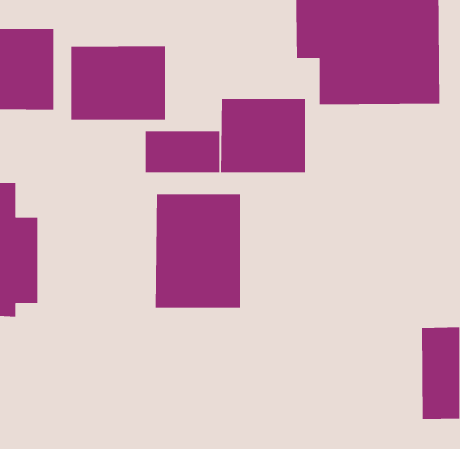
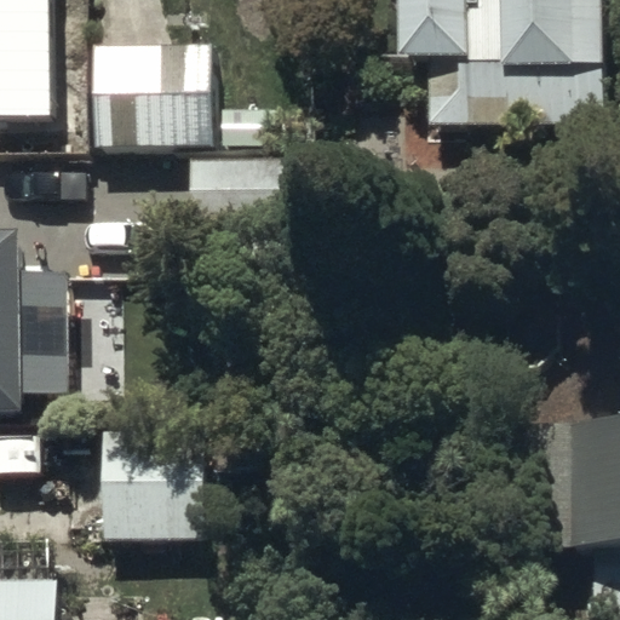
building: [220,98,306,173] -> none
building: [155,194,241,309] -> none
building: none -> [103,441,209,550]

